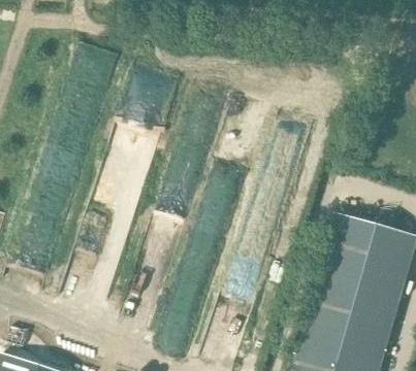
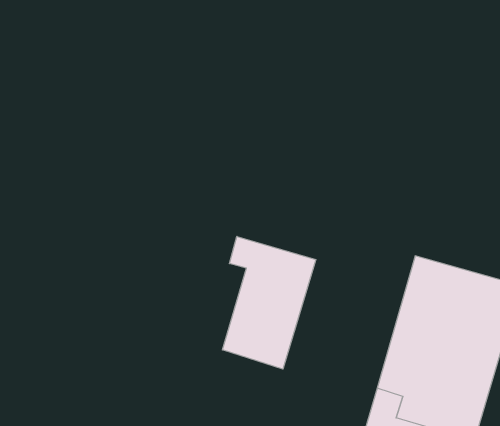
building: none -> [222,236,316,369]

